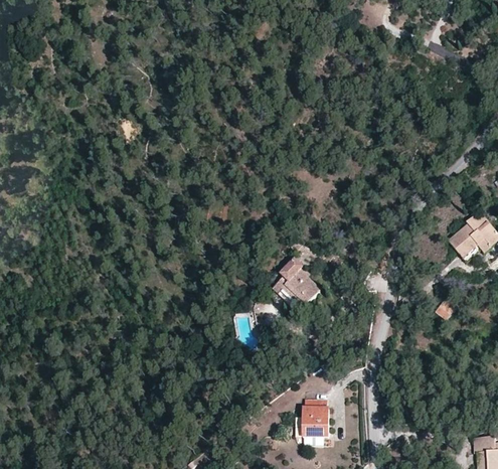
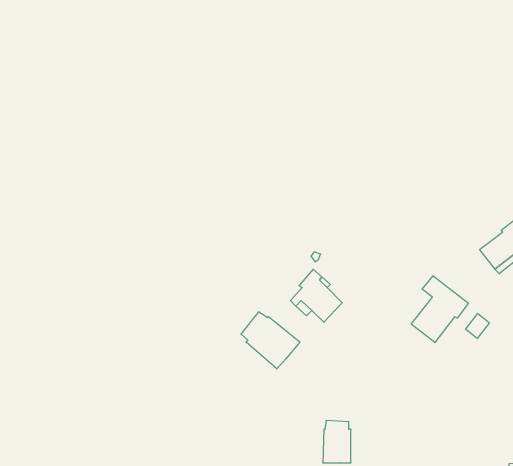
building: none -> [411,276,468,343]
building: none -> [241,312,300,369]

